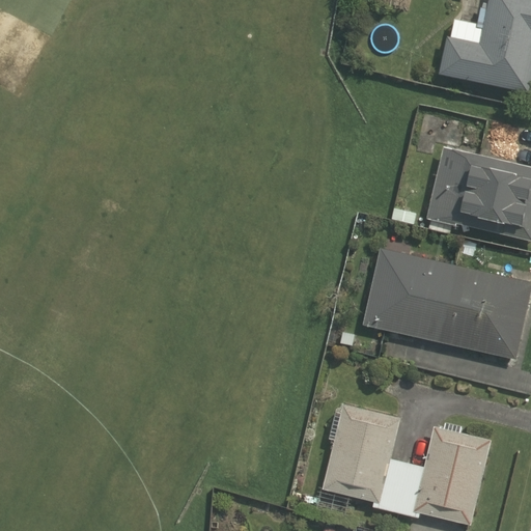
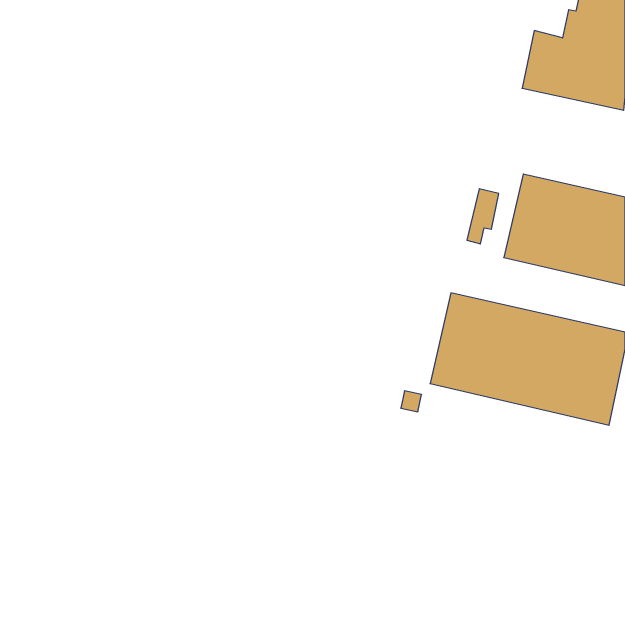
building: [323,407,491,525] -> none

